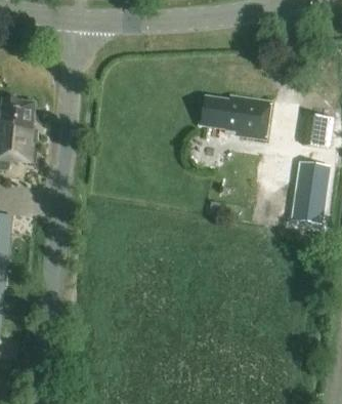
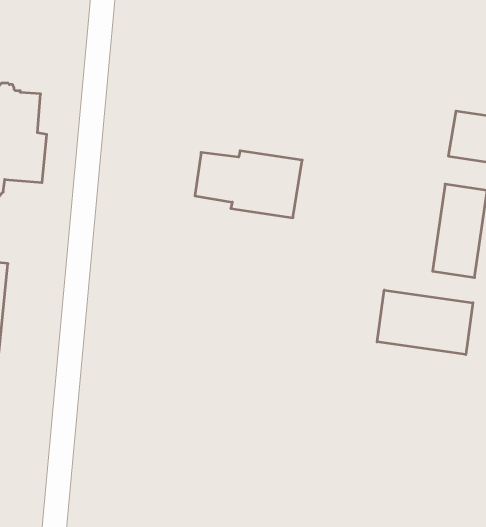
building: [200,95,270,139] -> [195,151,302,218]
building: none -> [377,290,473,355]

